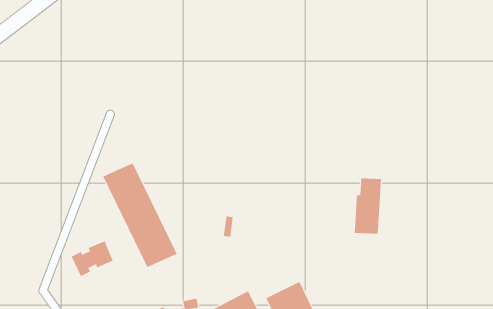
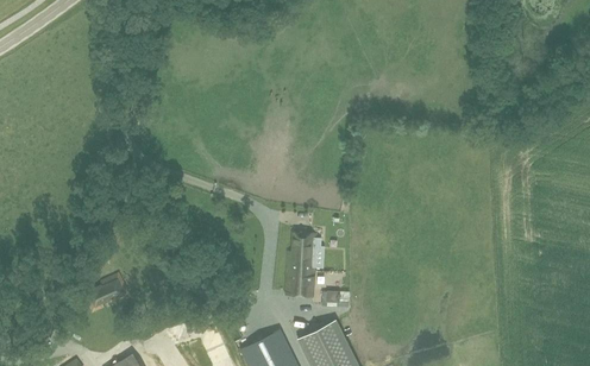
building: [103,162,177,268] -> none
building: [354,178,382,234] -> [285,233,316,296]

